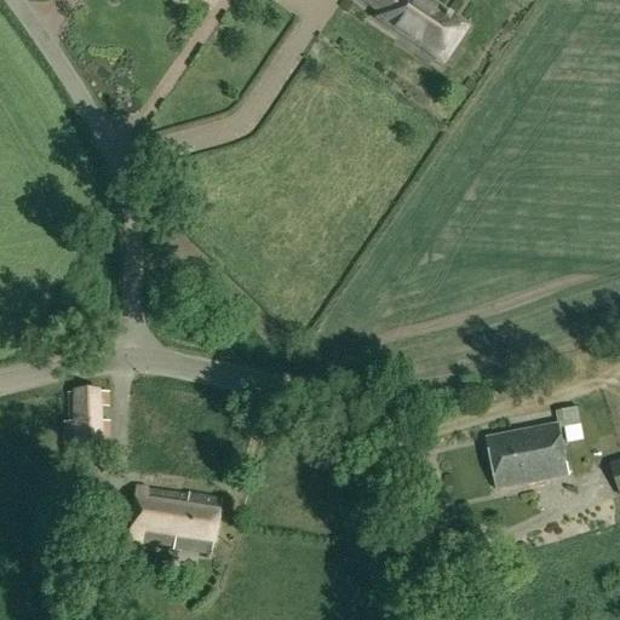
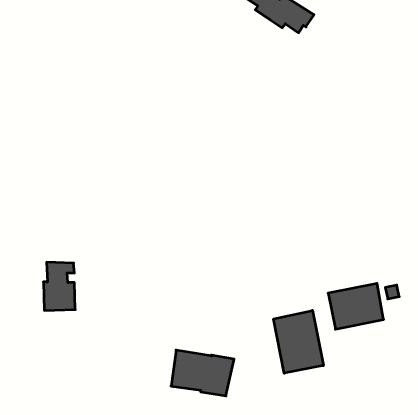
building: none -> [274,310,323,373]
building: [130,486,223,553] -> [171,350,234,396]

